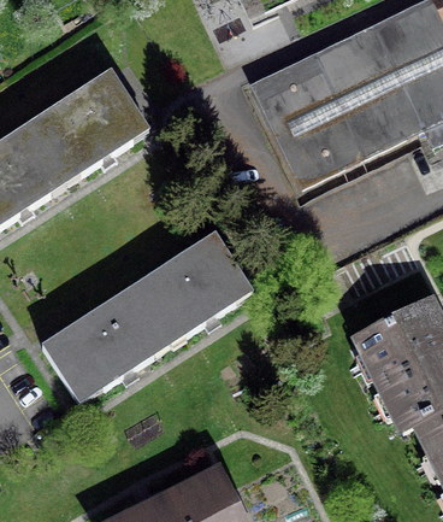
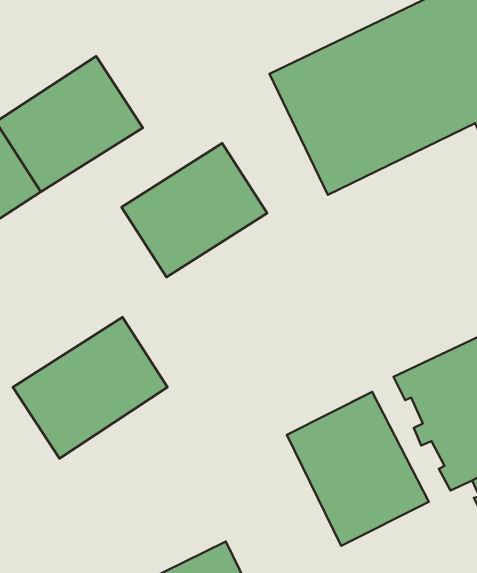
building: [132,231,253,342] -> [121,143,267,277]
building: none -> [287,392,429,546]

